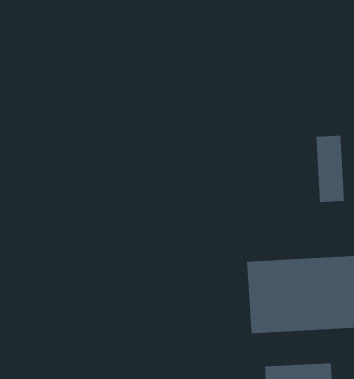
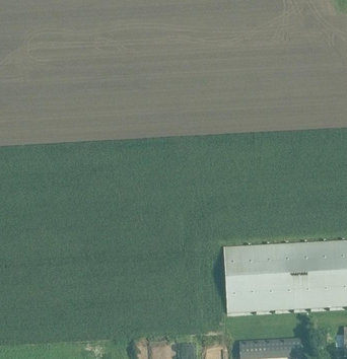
building: [315,135,345,203] -> none

